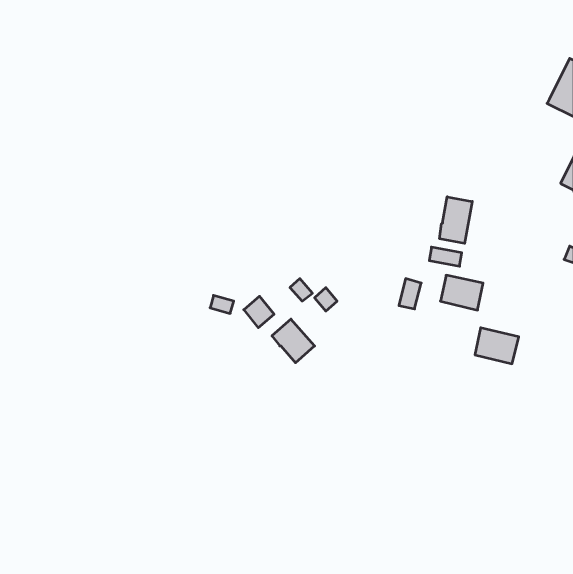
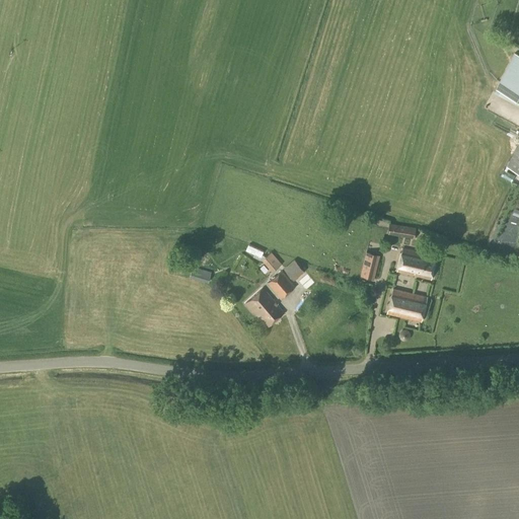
building: [440,197,472,243] -> none
building: [244,296,274,328] -> [269,271,296,299]
building: [475,328,519,364] -> [388,289,428,321]

